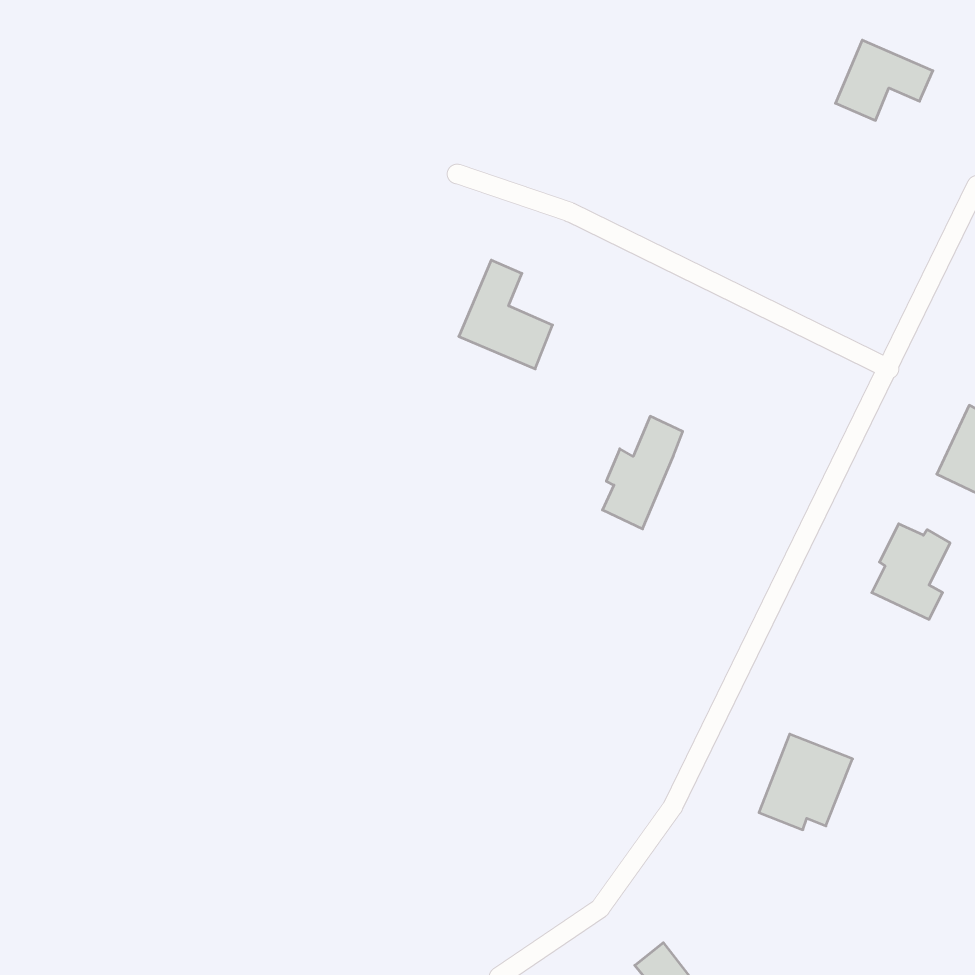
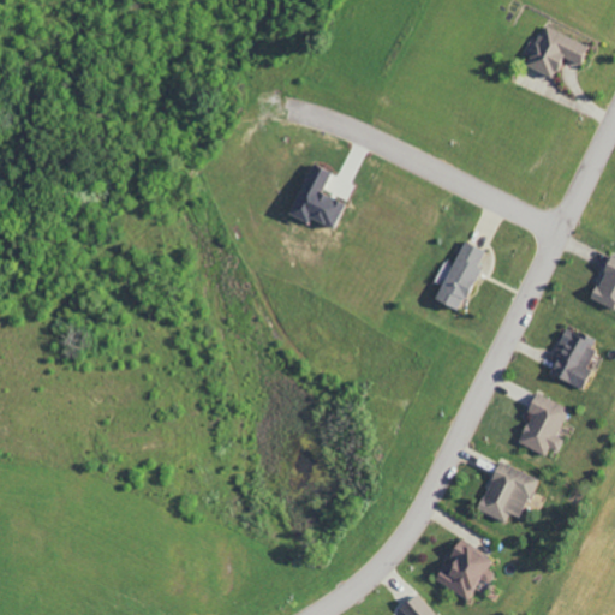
building: [602,416,683,529] -> [434,241,484,312]
building: none -> [519,393,569,456]
building: none -> [436,537,495,599]

